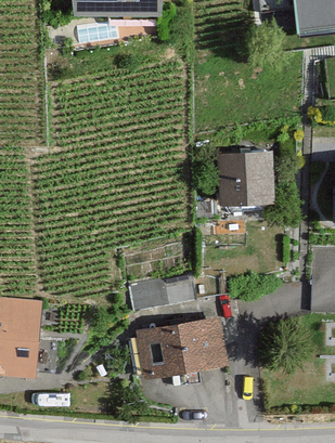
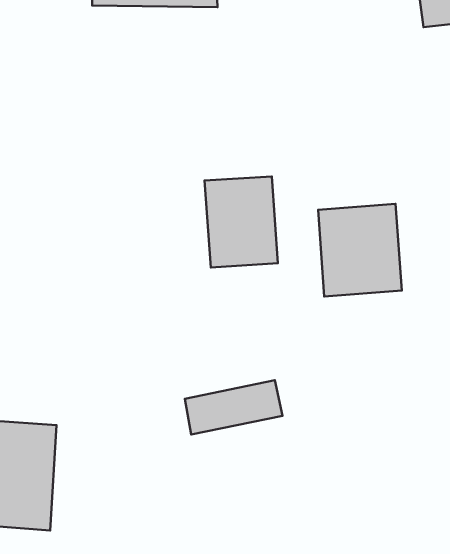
building: none -> [205,177,278,267]
building: [129,316,219,377] -> none

